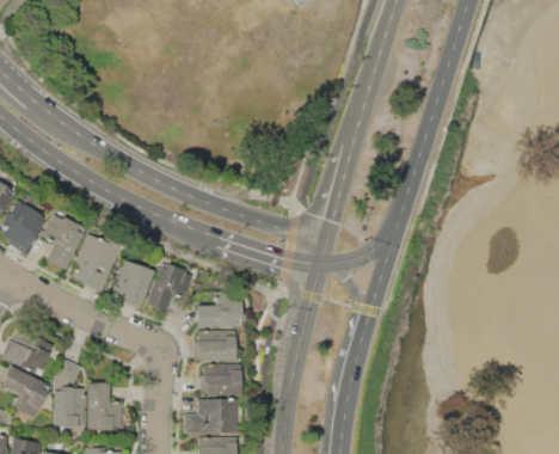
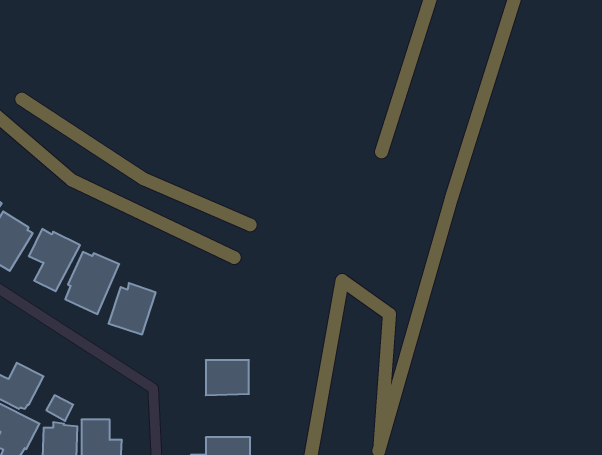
building: [145,263,194,312] -> none
building: [196,292,242,327] -> none
building: [199,364,242,395] -> none

